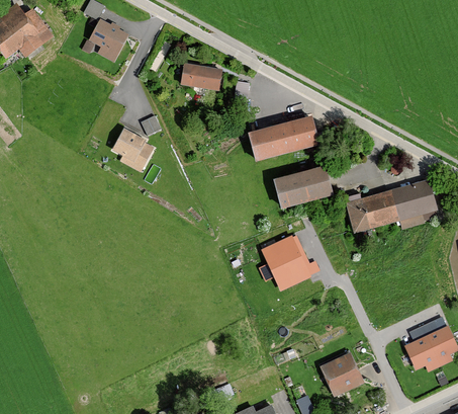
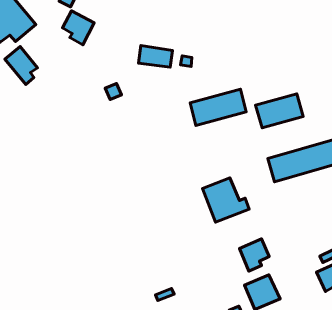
building: none -> [5,47,37,84]
building: [115,128,156,171] -> none
building: [272,168,332,211] -> [256,94,303,128]
building: none -> [239,239,269,271]

